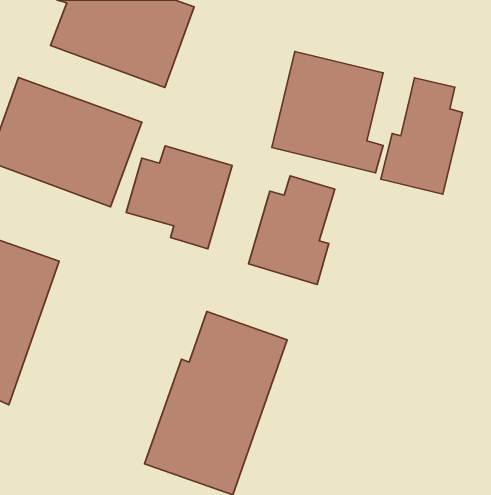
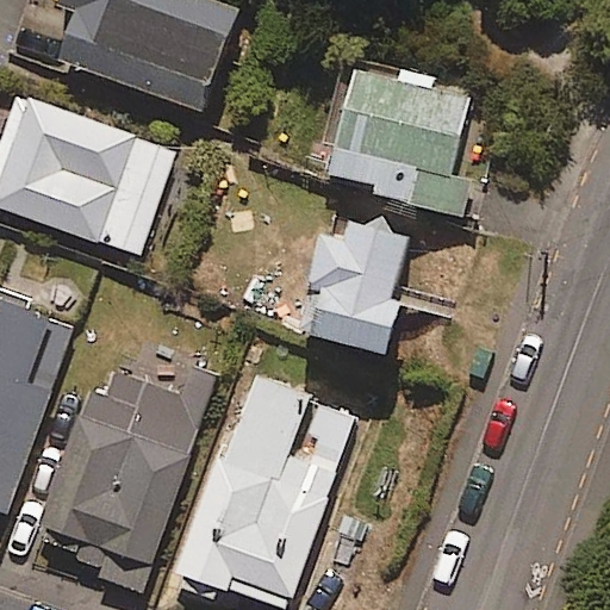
building: [381,78,463,194] -> none
building: [126,146,232,249] -> none
building: none -> [39,356,213,590]

